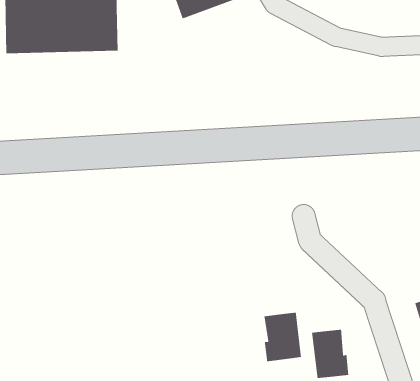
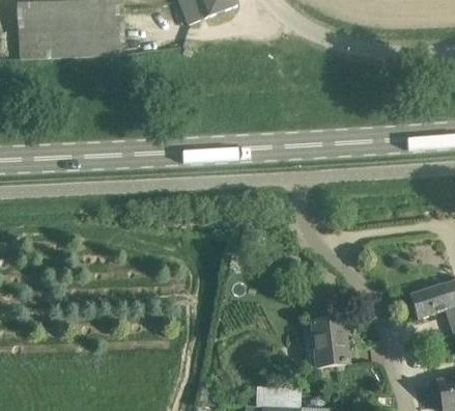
building: [264,312,302,362] -> none

